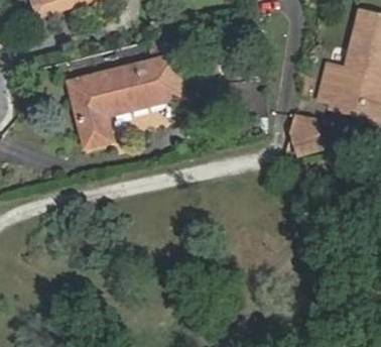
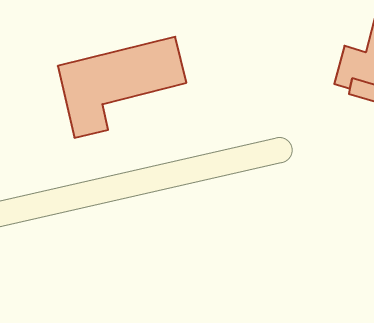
building: [284,113,322,157] -> none

